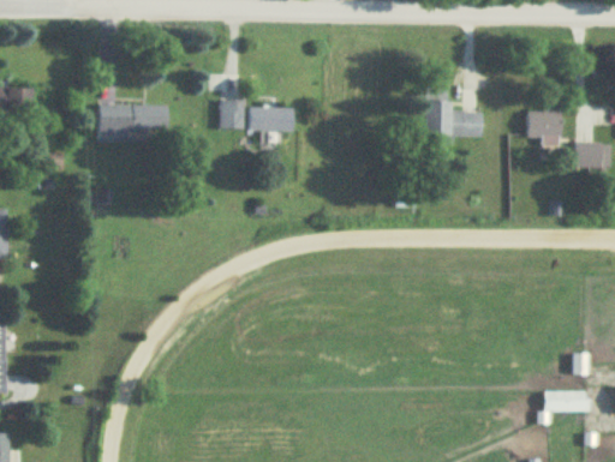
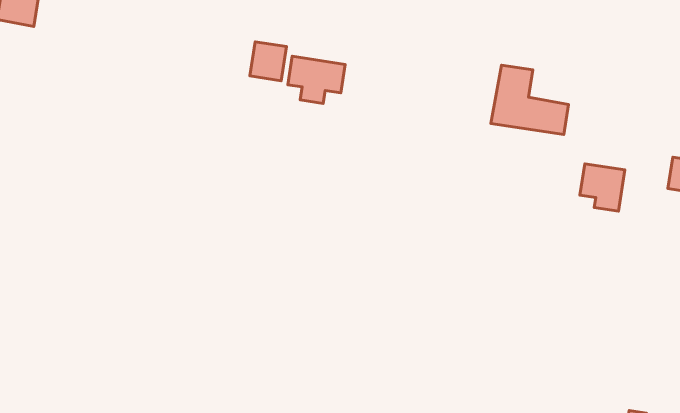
building: [98,103,169,140] -> none
building: [527,110,561,145] -> [580,164,625,211]

